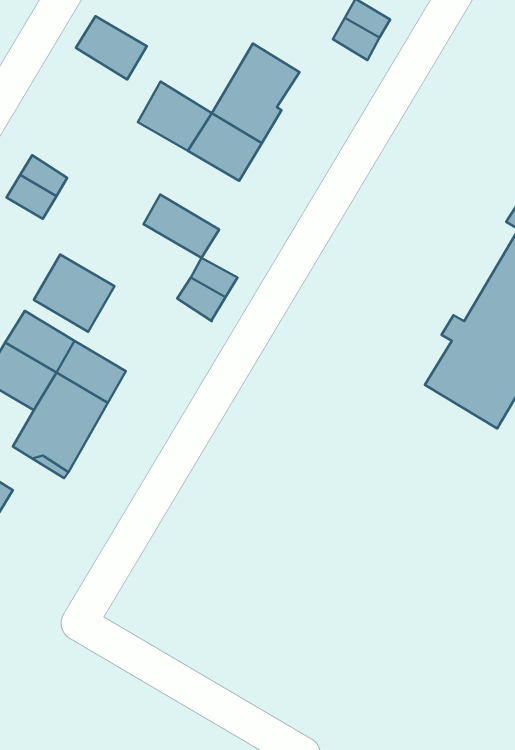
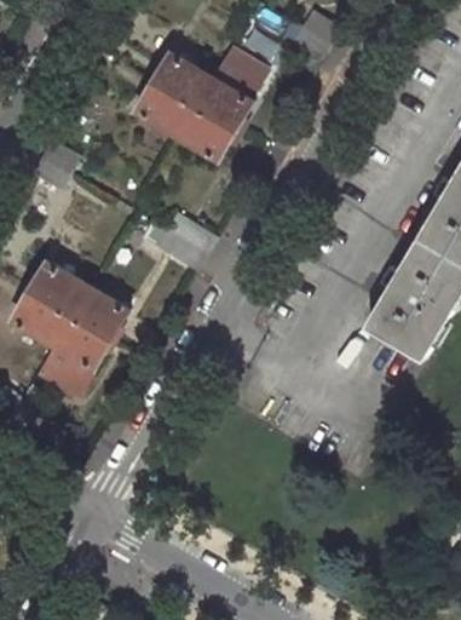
building: [76,16,147,80] -> [156,52,213,103]
building: [144,194,219,258] -> none
building: [34,254,114,332] -> none

